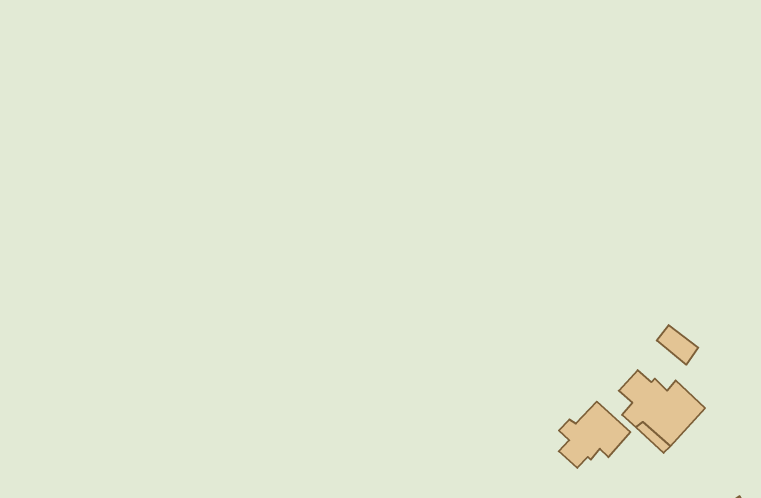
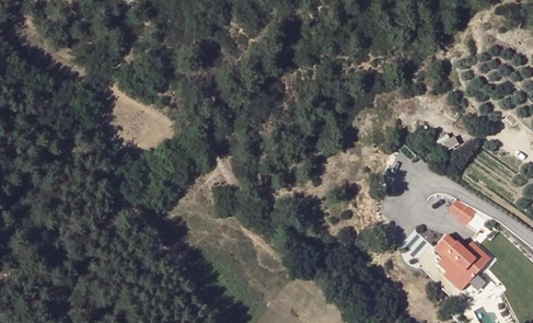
building: [559,402,630,468] -> none

